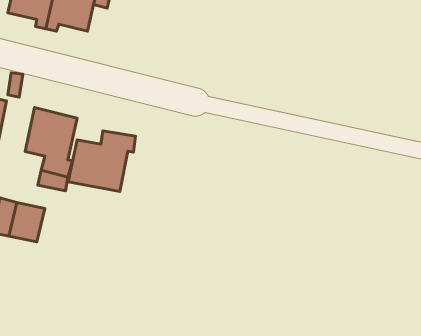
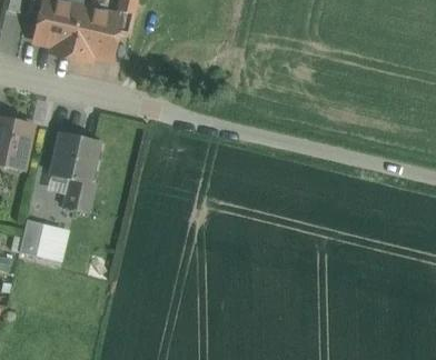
building: [68,131,135,191] -> none

